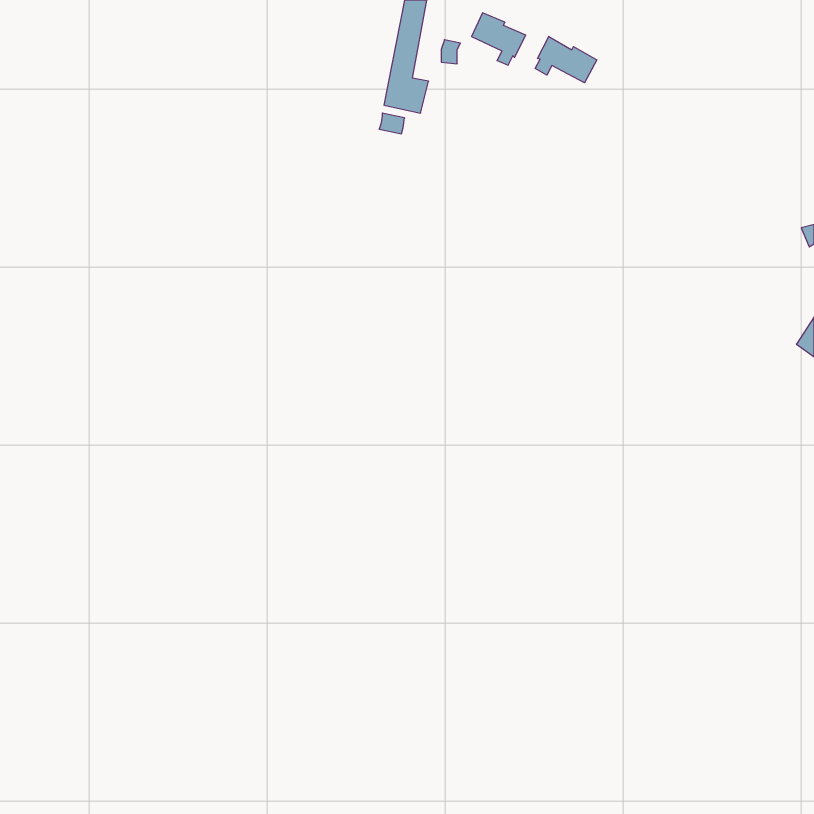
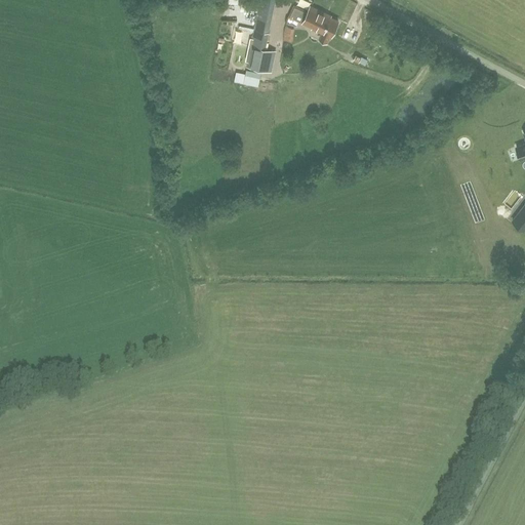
building: [535,36,597,83] -> none

